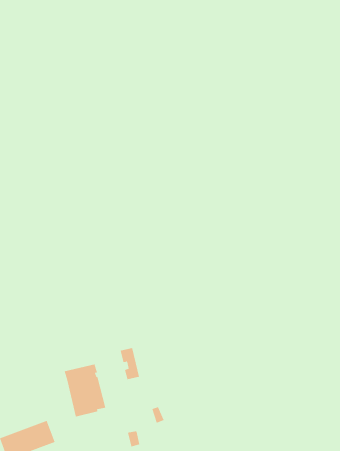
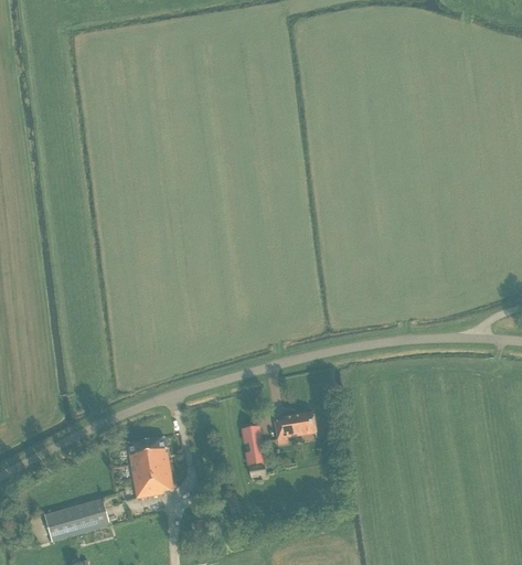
building: none -> [275,413,316,444]
building: [120,347,140,380] -> [243,427,264,465]

